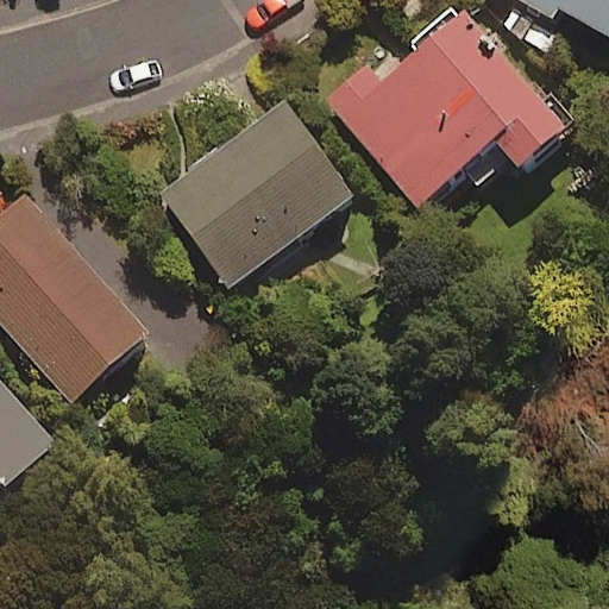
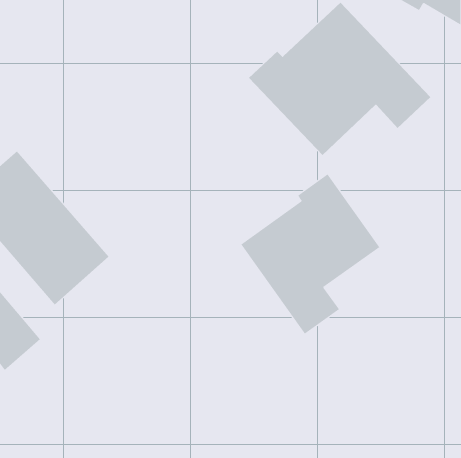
building: [162,101,353,284] -> none
building: none -> [241,173,380,335]

